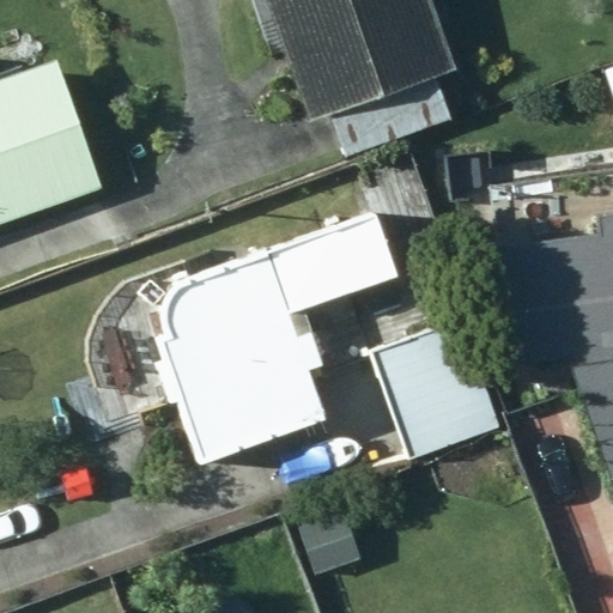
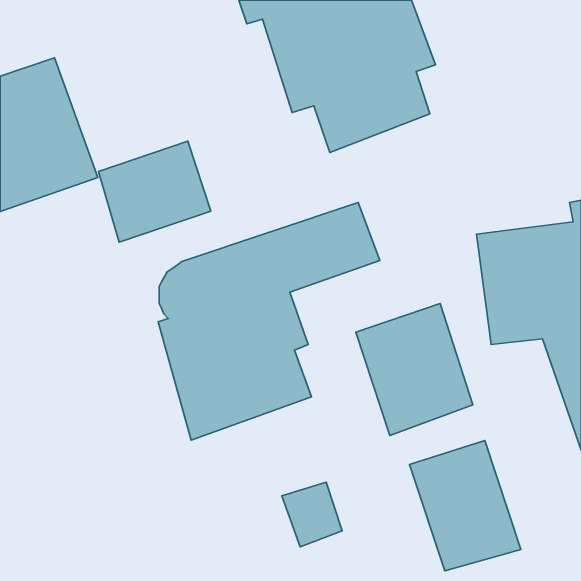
building: none -> [98,141,211,242]
building: none -> [410,440,521,571]

